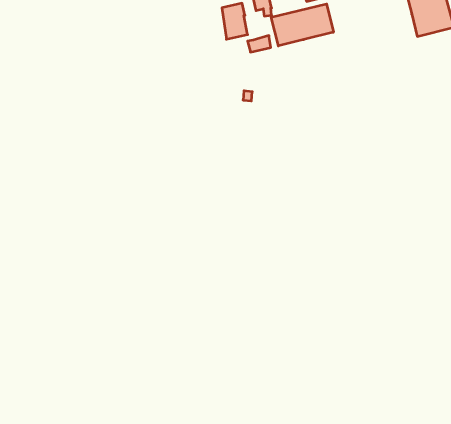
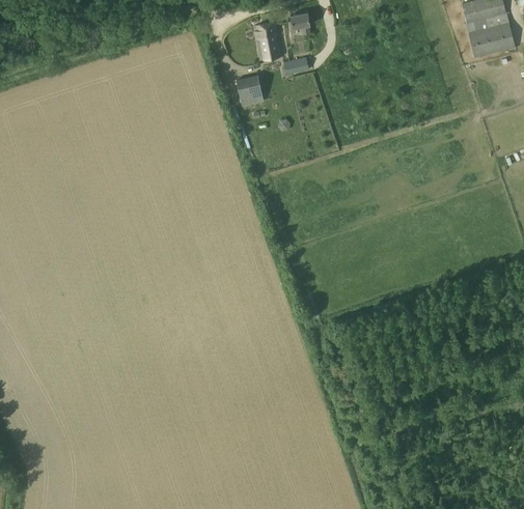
building: [271,4,333,46] -> none
building: none -> [236,76,263,106]

